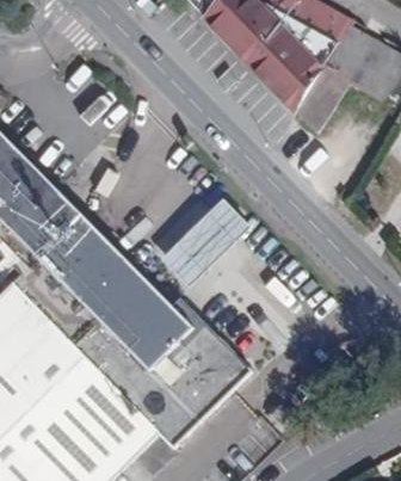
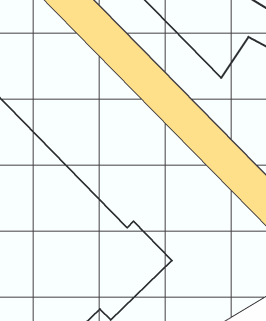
building: [161,199,251,288] -> none

